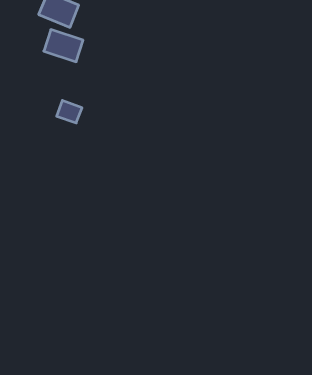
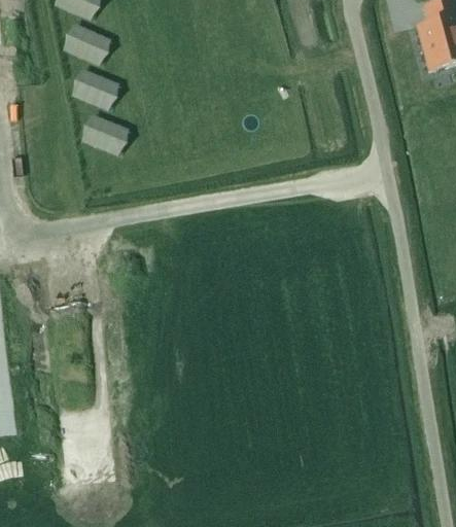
building: [57,100,82,123] -> [84,116,116,144]

